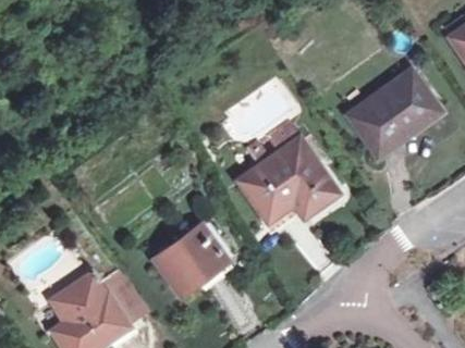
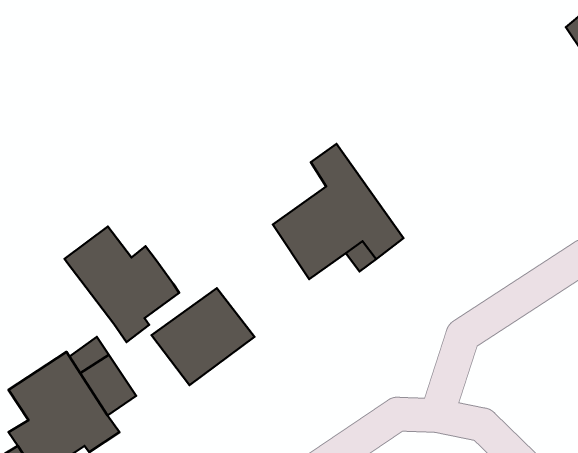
building: [350,73,440,152] -> none
building: none -> [64,226,179,342]

